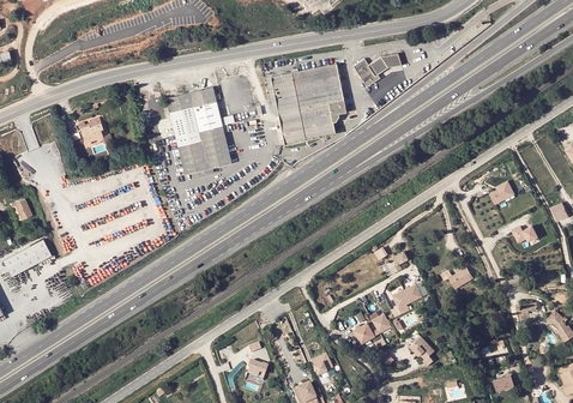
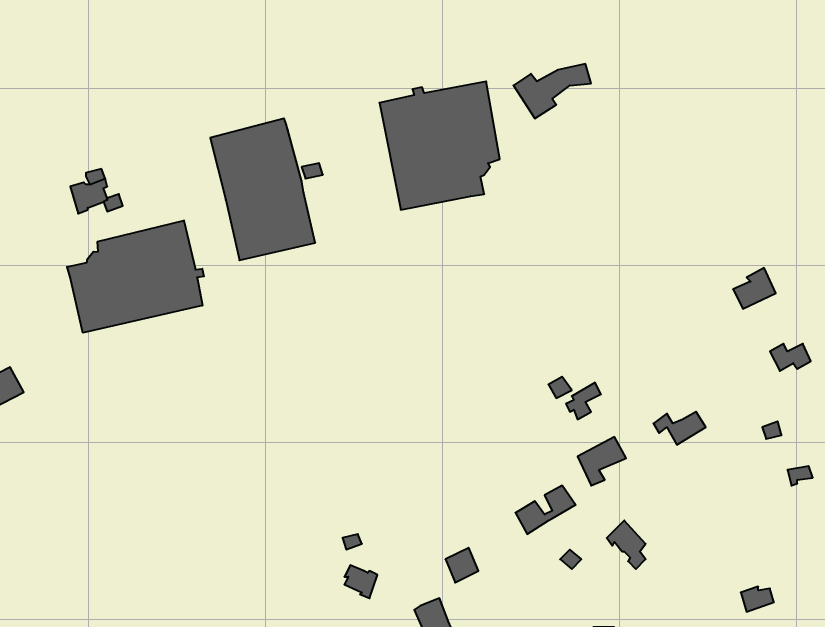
building: none -> [67,220,204,333]

